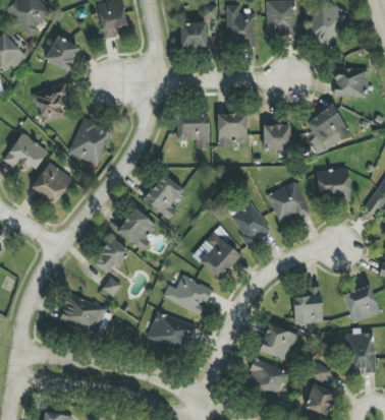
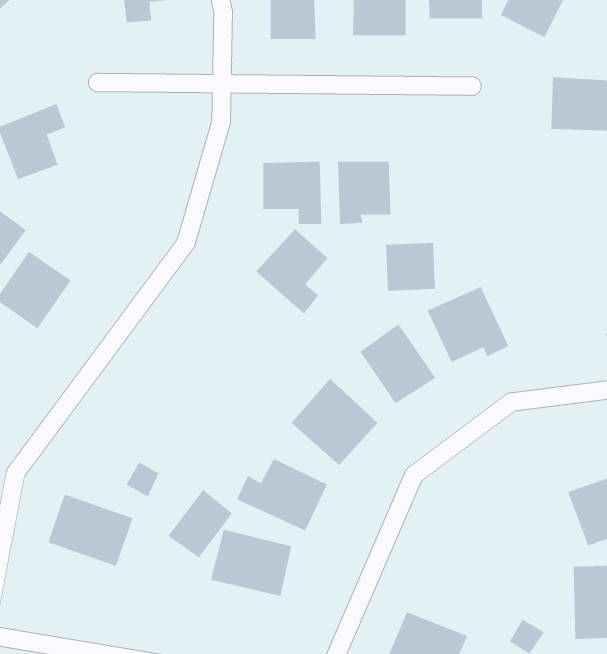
building: [44,36,80,71] -> none
building: [305,105,349,154] -> none
building: [68,119,112,165] -> none
building: [263,124,290,151] -> [385,242,436,291]
building: [317,168,349,198] -> none
building: [143,174,182,221] -> [256,228,328,314]
building: [116,207,158,251] -> none
building: [92,237,127,275] -> [167,489,233,558]
building: [293,287,322,323] -> none
building: [258,323,297,361] -> none

